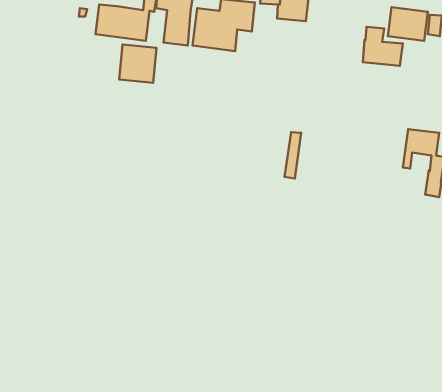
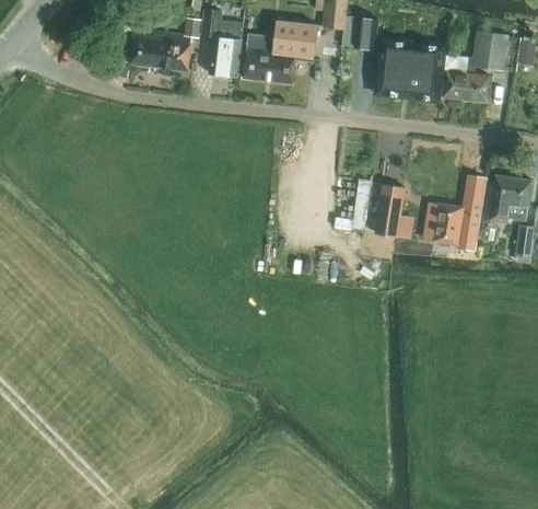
building: none -> [376,45,443,96]
building: [119,44,157,83] -> none
building: none -> [423,175,487,247]
building: none -> [372,184,410,252]

